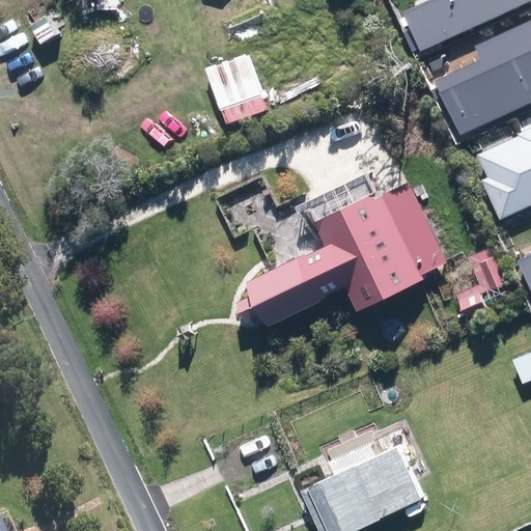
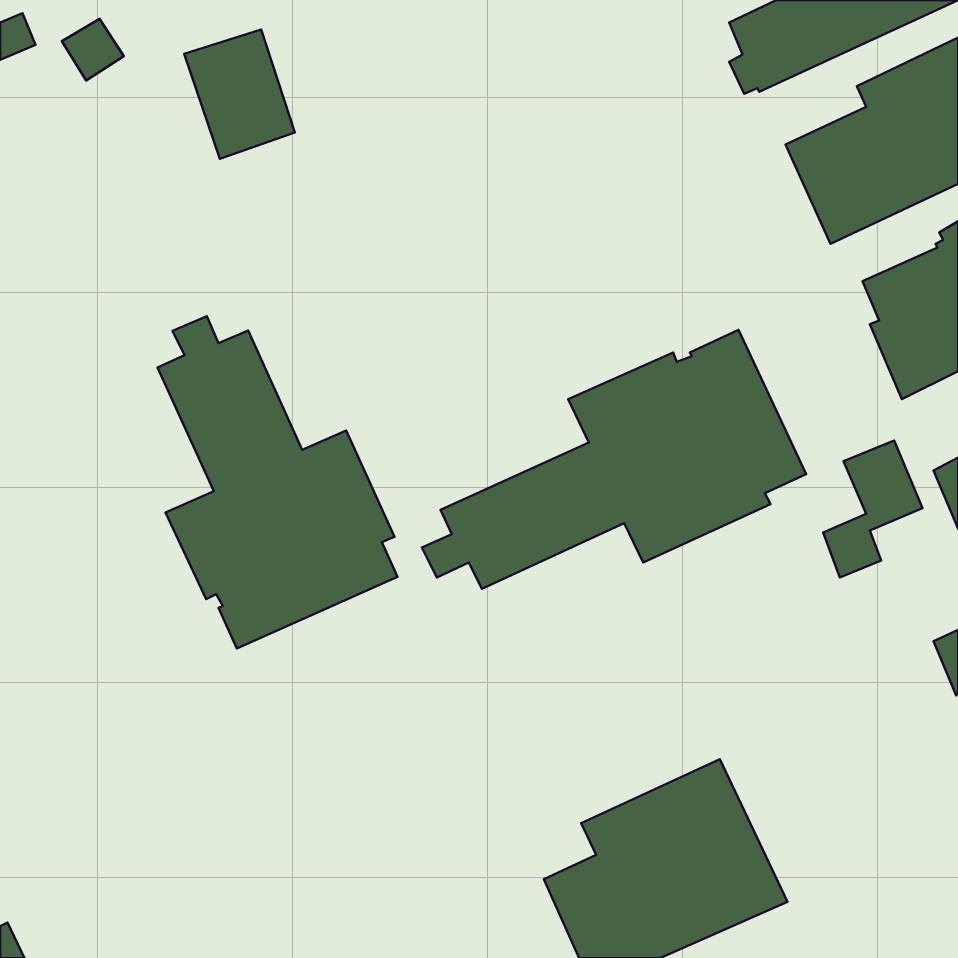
building: [205,53,267,124] -> [184,29,295,159]
building: none -> [157,316,398,649]

